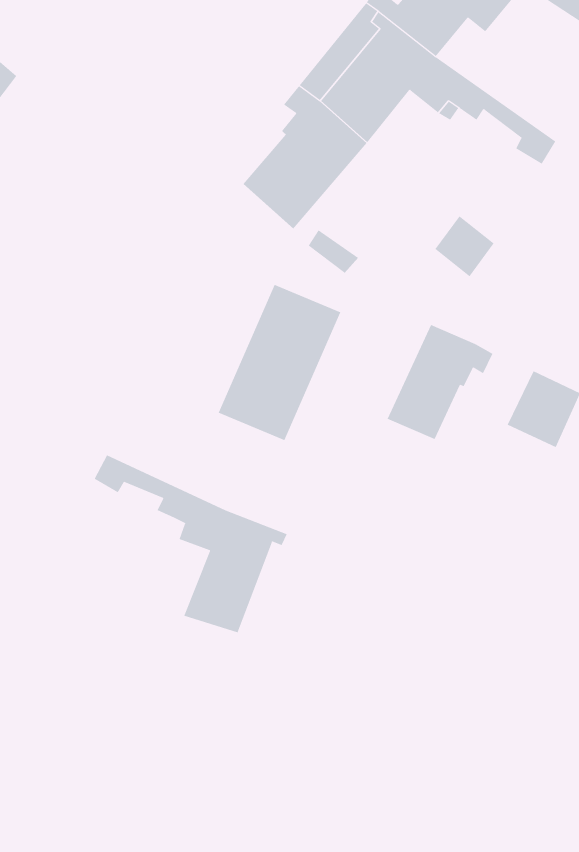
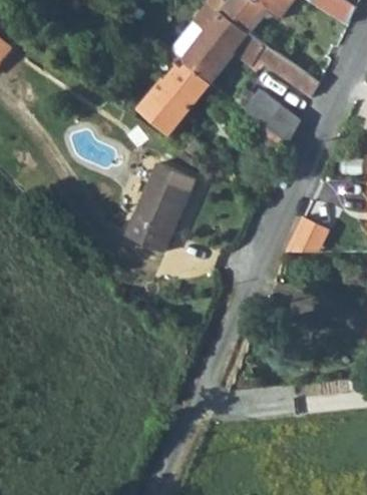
building: none -> [247,90,300,141]
building: [387,324,493,440] -> none
building: [94,455,288,633] -> none

